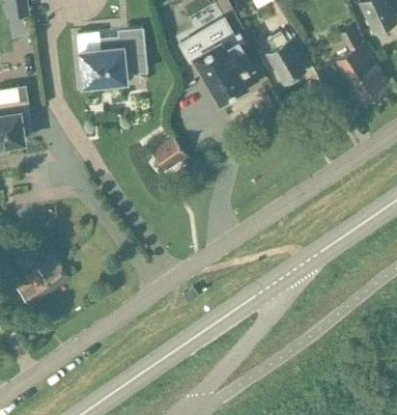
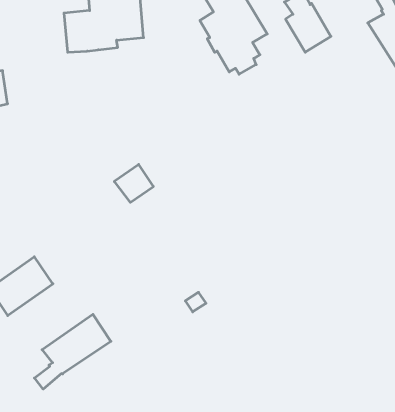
building: [151,138,185,170] -> [114,164,153,202]
building: none -> [34,314,111,389]

